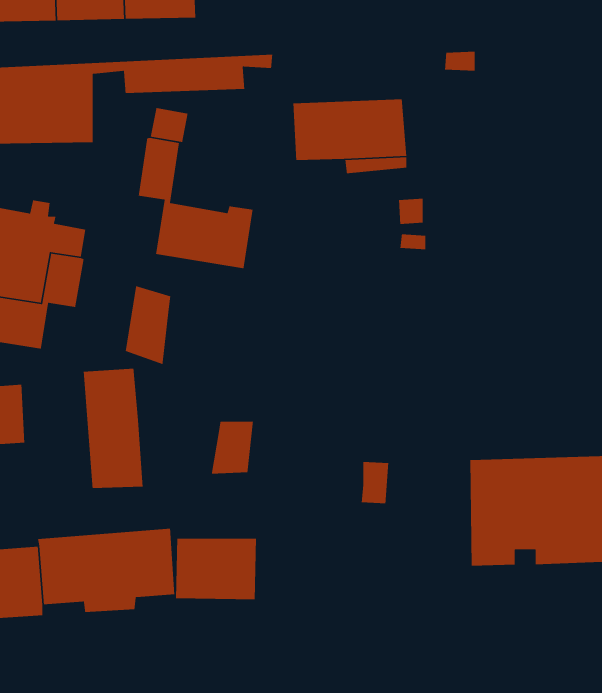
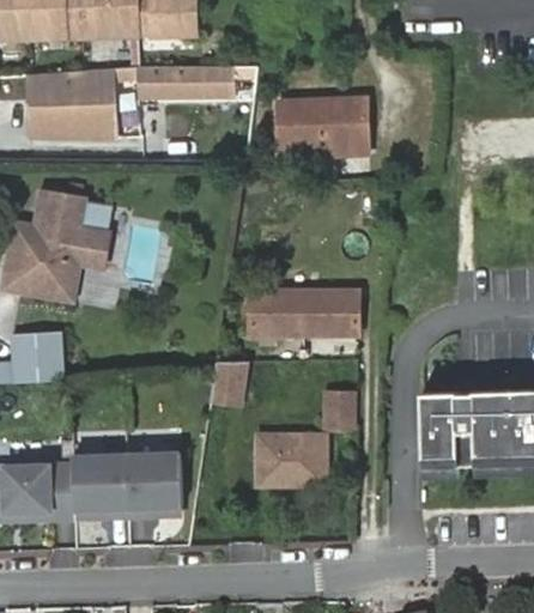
building: [138,137,253,269] -> none
building: [125,285,171,365] -> none
building: none -> [253,285,360,336]
building: [83,368,143,489] -> none
building: [175,538,257,600] -> [260,435,326,485]

